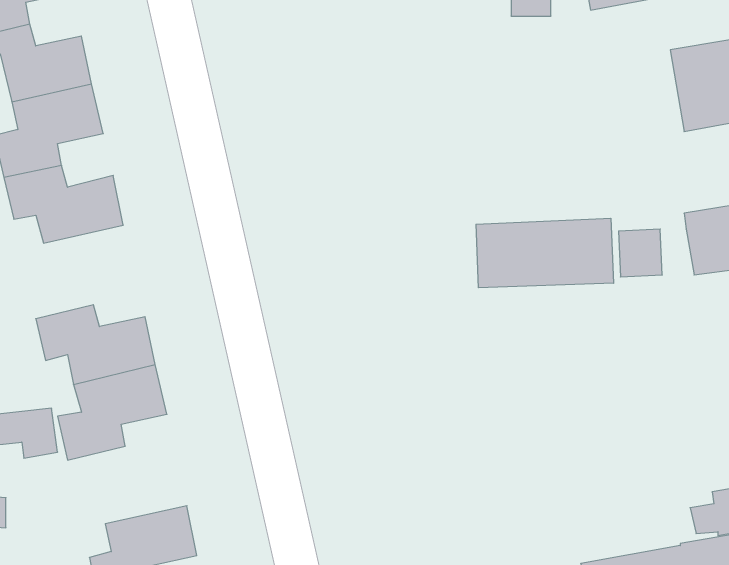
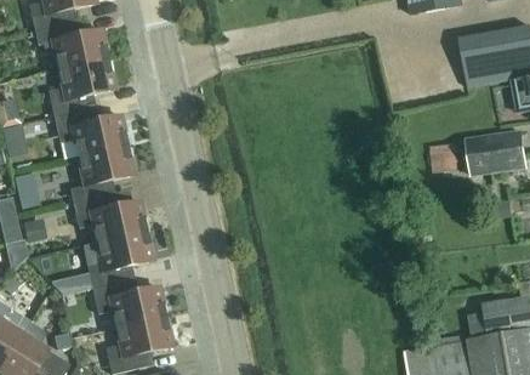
building: [476,218,614,288] -> none
building: none -> [69,144,133,201]
building: none -> [92,279,165,326]

